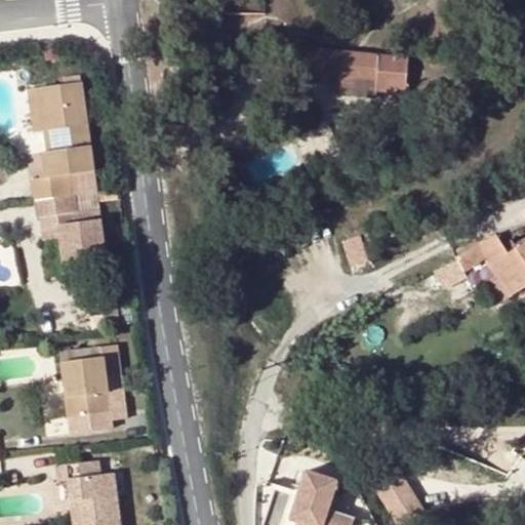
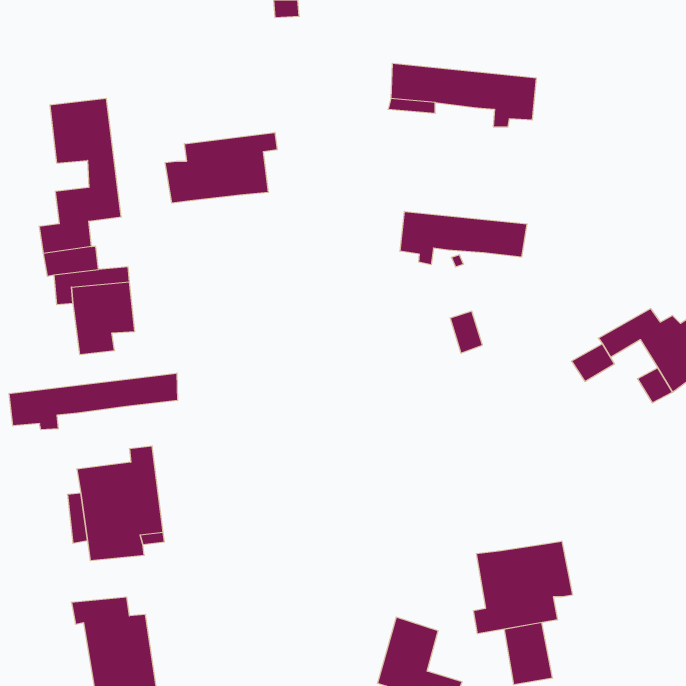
building: none -> [165,132,277,203]
building: none -> [400,211,527,265]
building: none -> [9,373,178,430]
building: none -> [473,541,572,634]

